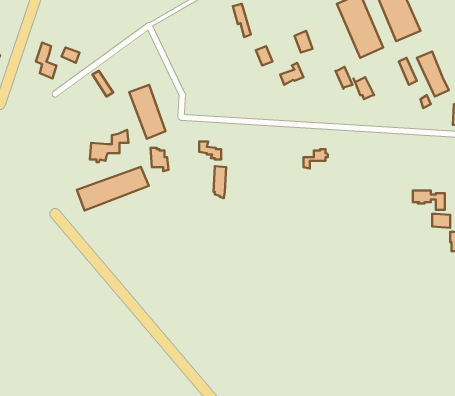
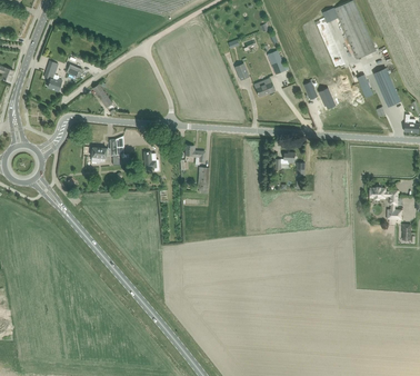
building: [129,85,165,139] -> none
building: [77,167,149,210] -> none

